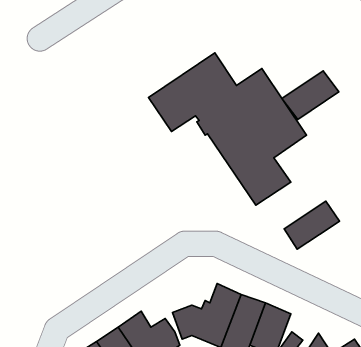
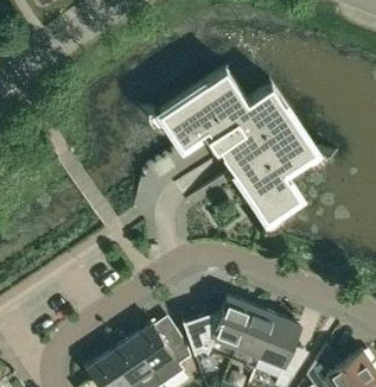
building: [282,71,339,119] -> none
building: [284,201,340,249] -> none

